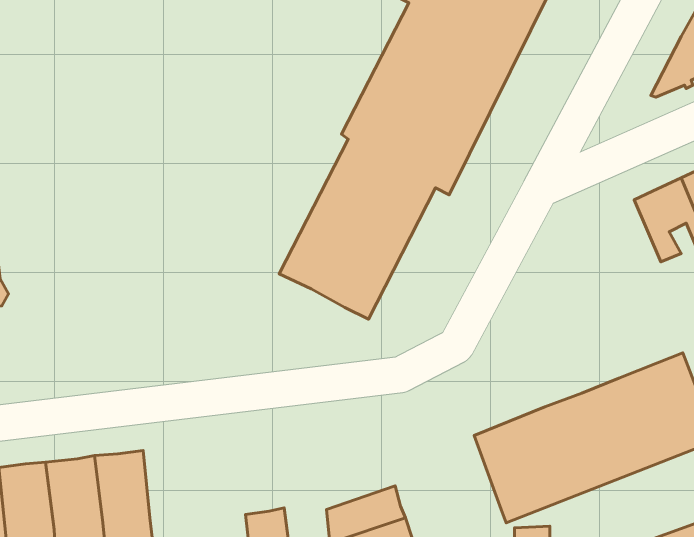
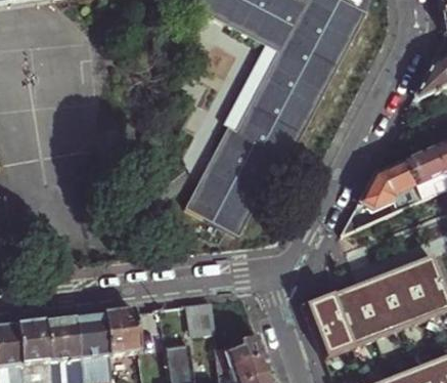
building: none -> [357,161,418,211]
building: none -> [184,301,213,337]
building: none -> [103,310,138,354]

